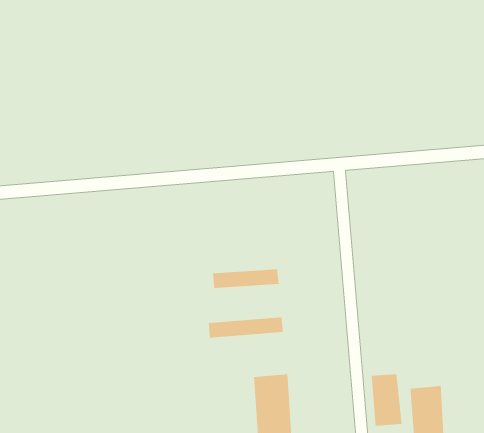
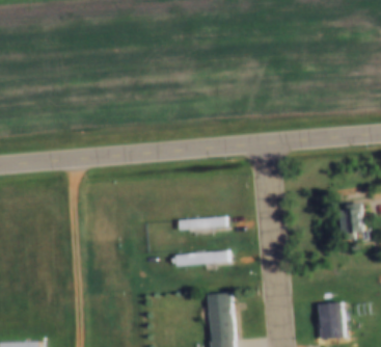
building: none -> [336,205,364,238]
building: [371,373,402,426] -> none

